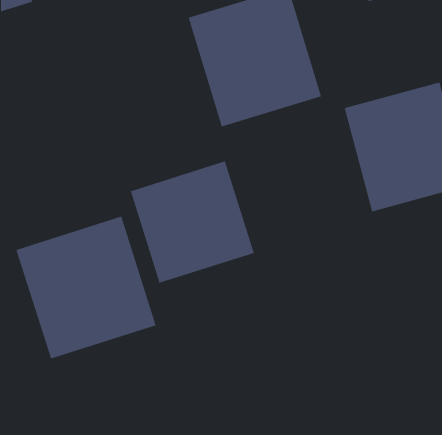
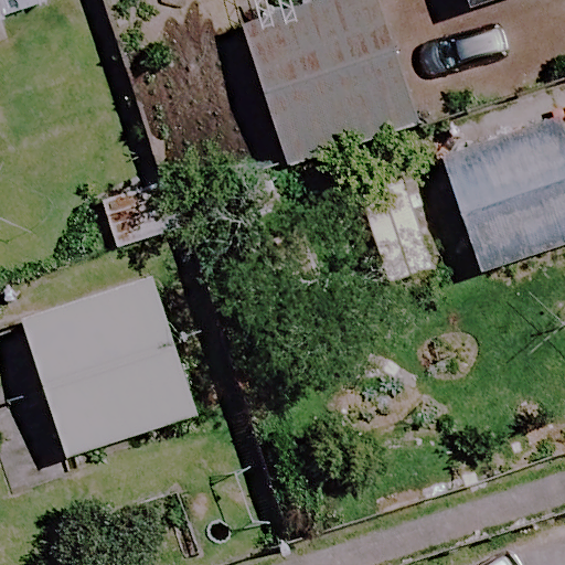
building: [130,161,255,284] -> none

